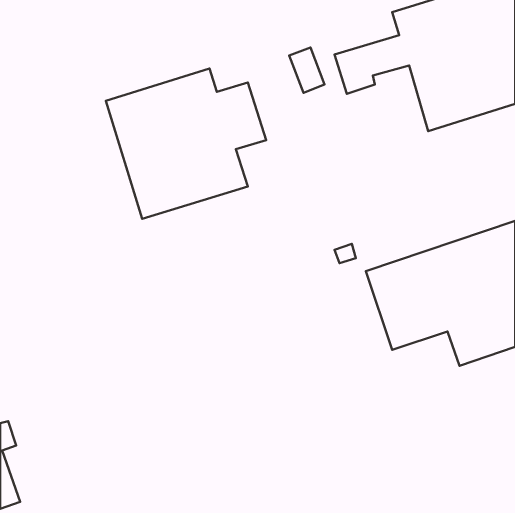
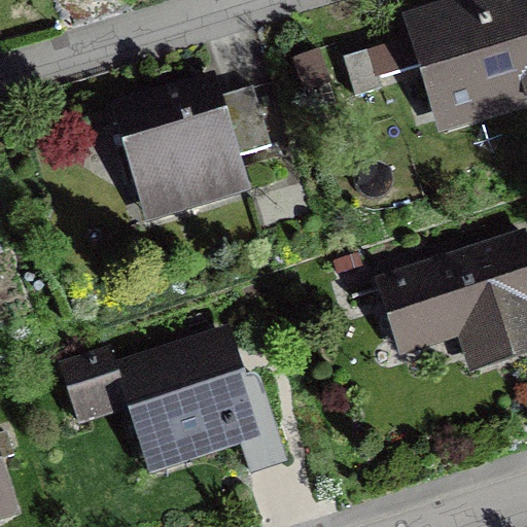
building: none -> [57,323,288,476]

